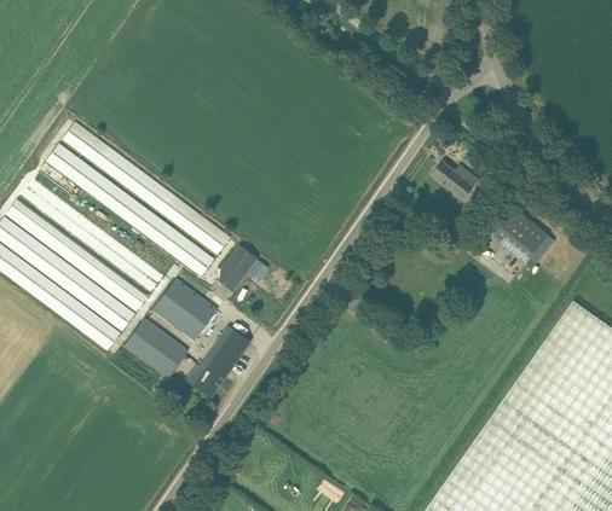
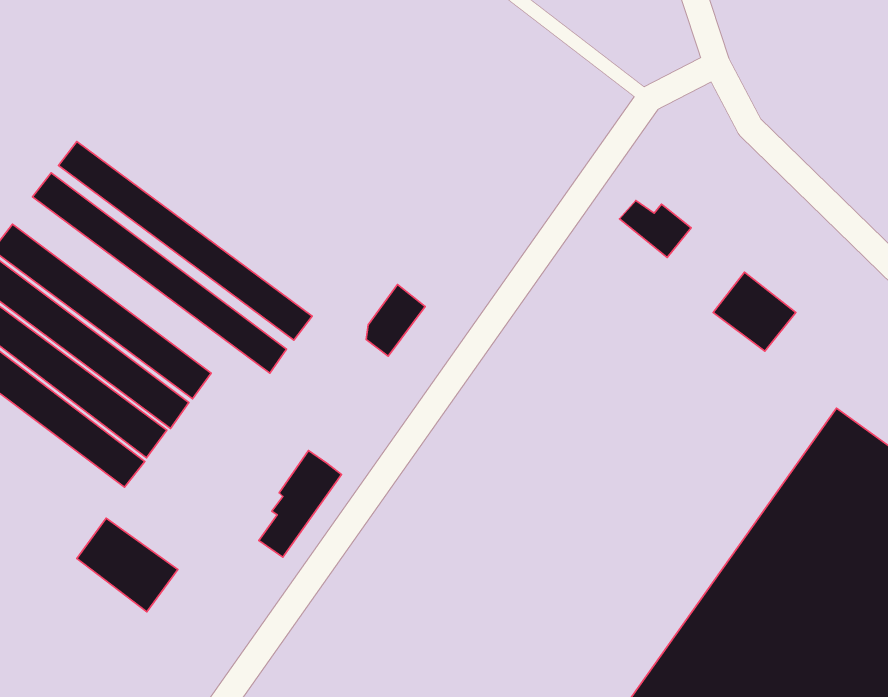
building: [218,244,256,291] -> [366,284,425,356]
building: [152,279,216,341] -> none
building: [122,317,189,378] -> [77,518,178,612]

